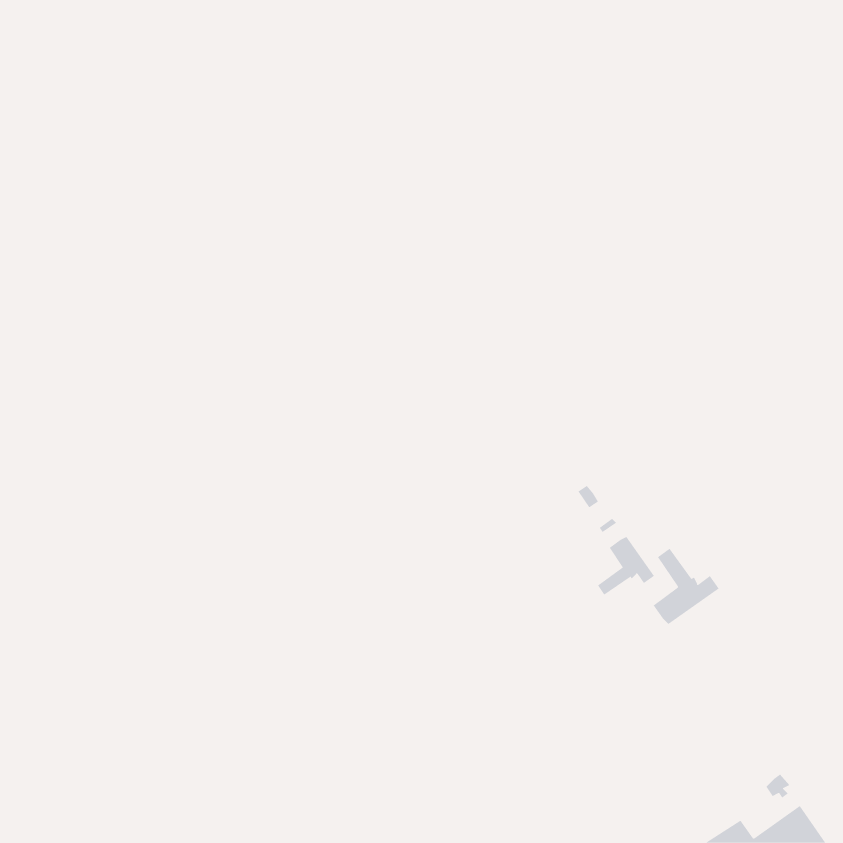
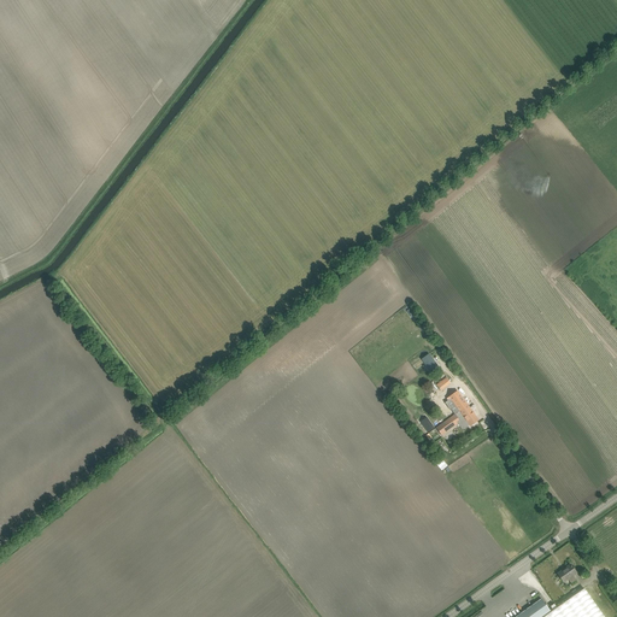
building: [653,548,720,625] -> none

